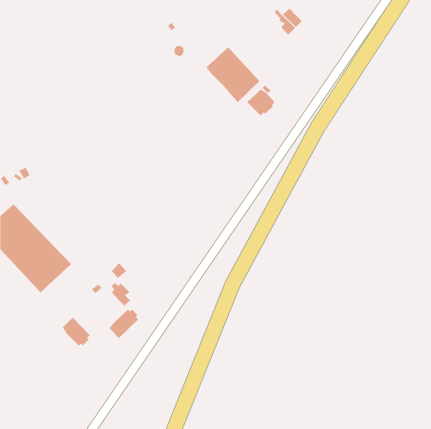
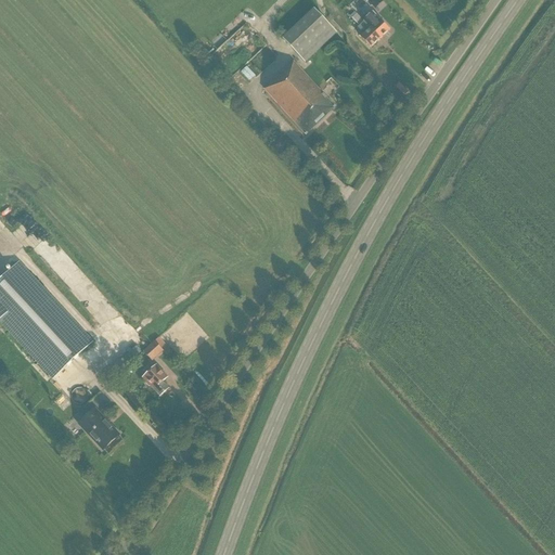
building: none -> [282,7,336,60]
building: [247,89,275,116] -> none
building: [109,309,139,339] -> none

